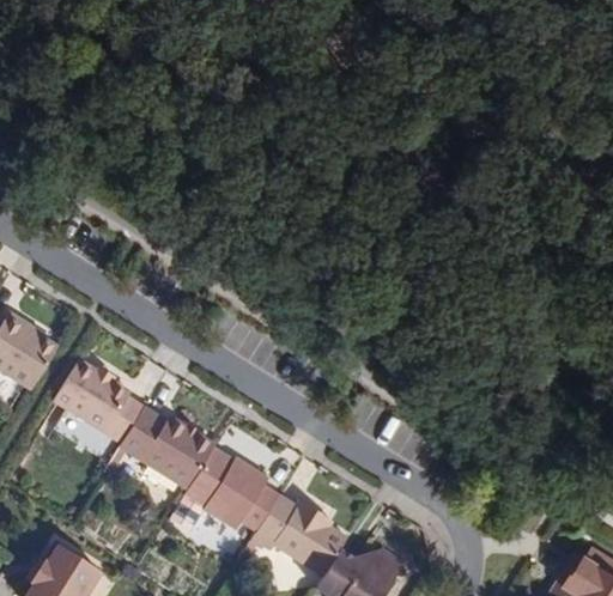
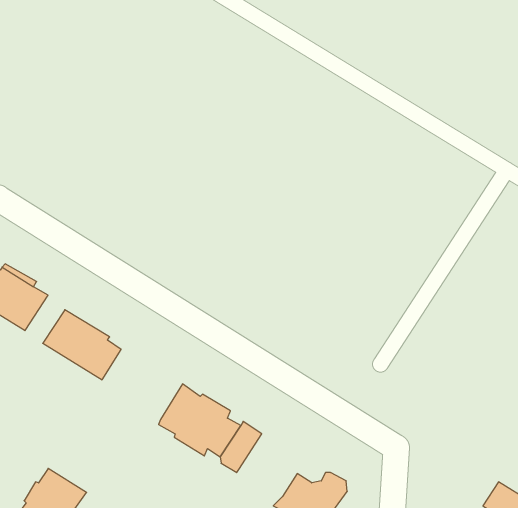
building: [117,407,213,489] -> none
building: [277,498,353,578] -> none

